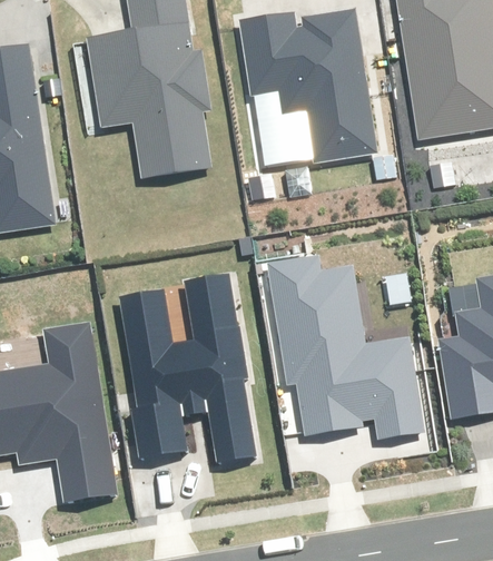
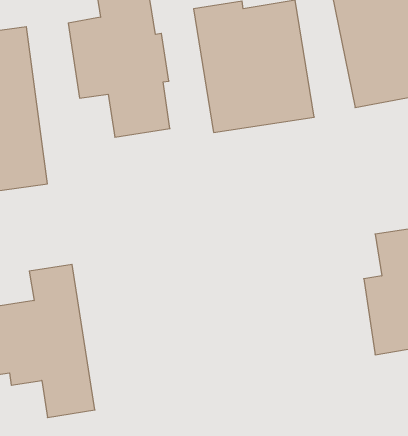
building: [262,256,424,434] -> none
building: [114,275,254,457] -> none

